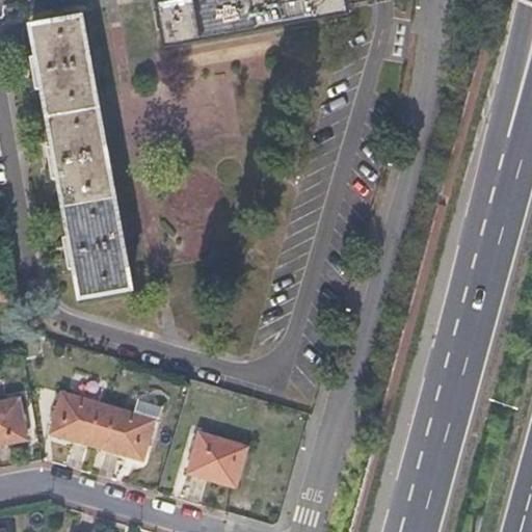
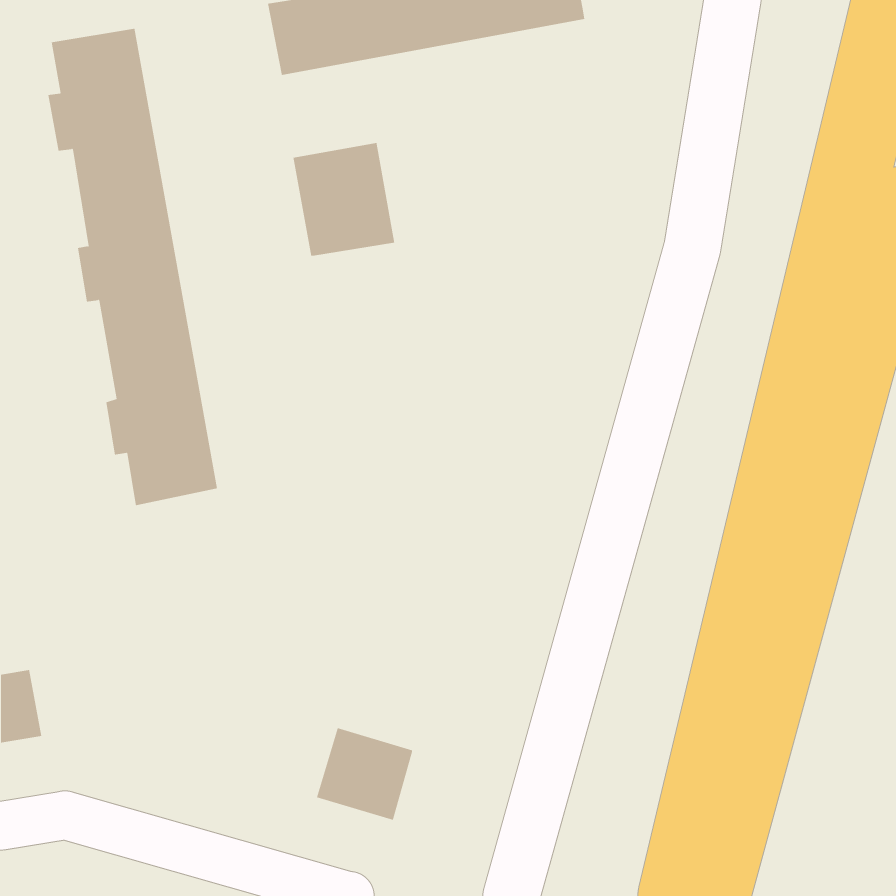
building: none -> [293,142,395,256]
building: [50,391,154,458] -> none

